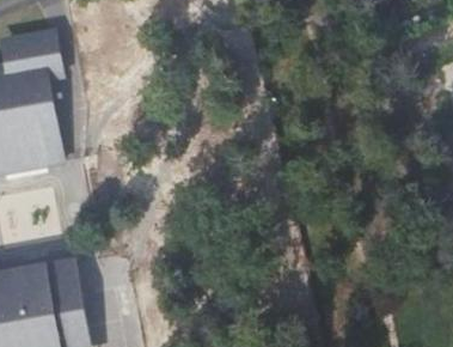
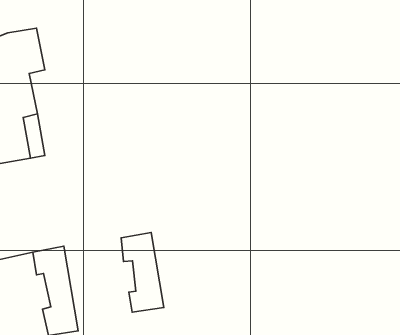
building: none -> [121,232,164,312]

